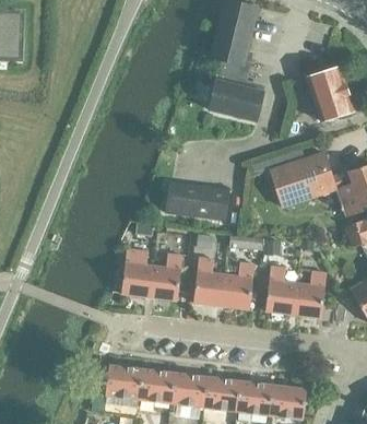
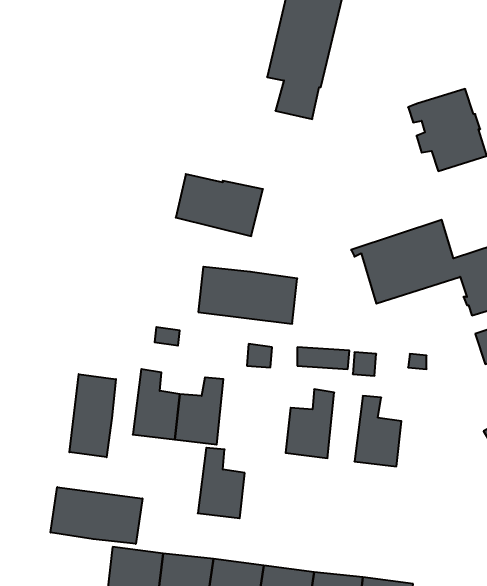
building: [209,81,265,121] -> [176,174,263,236]
building: none -> [69,374,116,457]
building: [194,258,225,304] -> [198,448,245,518]
building: [294,271,325,316] -> none
building: none -> [51,487,142,544]

